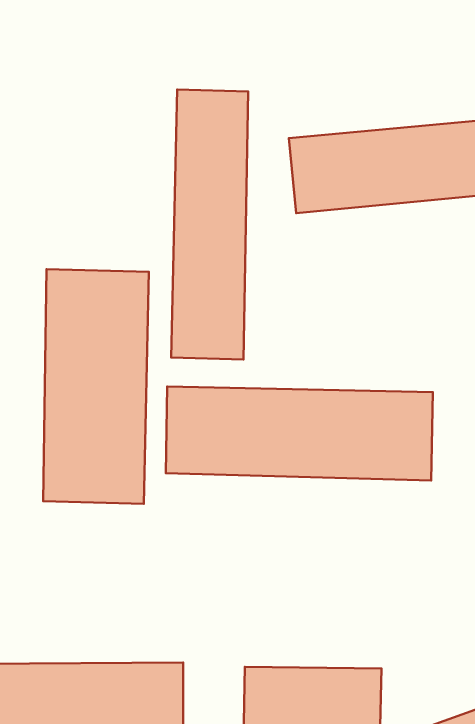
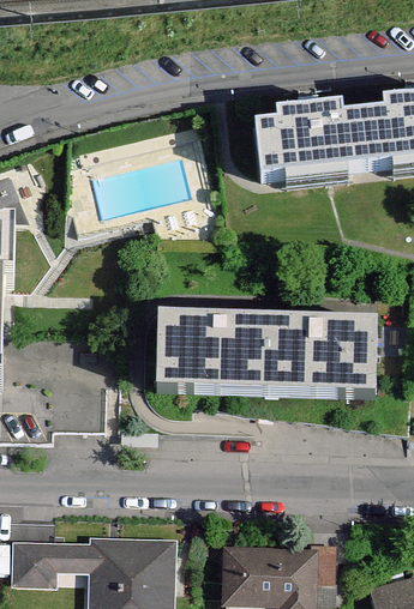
building: [171,89,248,360] -> none
building: [43,269,149,504] -> none

